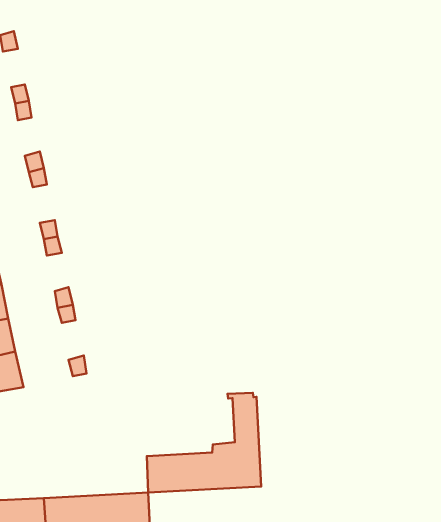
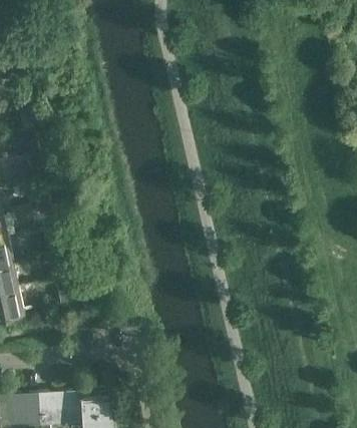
building: [147,393,261,493] -> none

